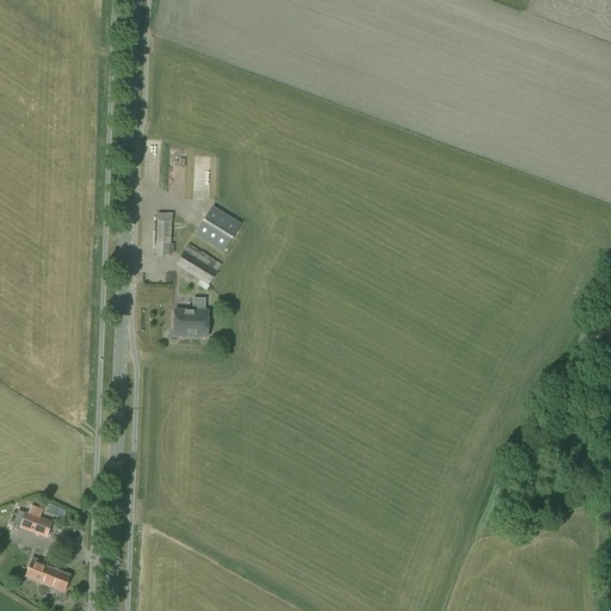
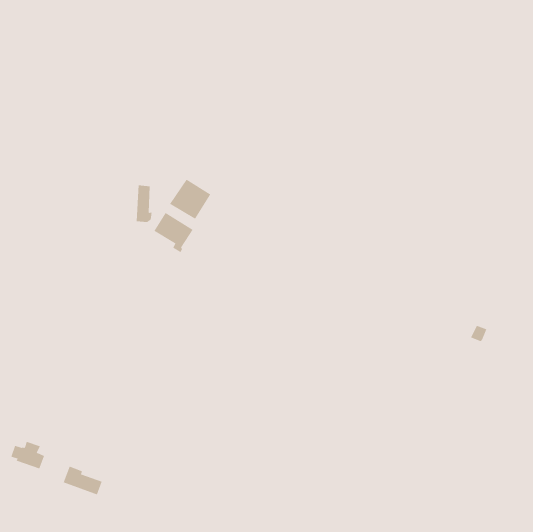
building: [174,297,209,337] -> none
building: [25,556,70,590] -> [63,466,103,495]

